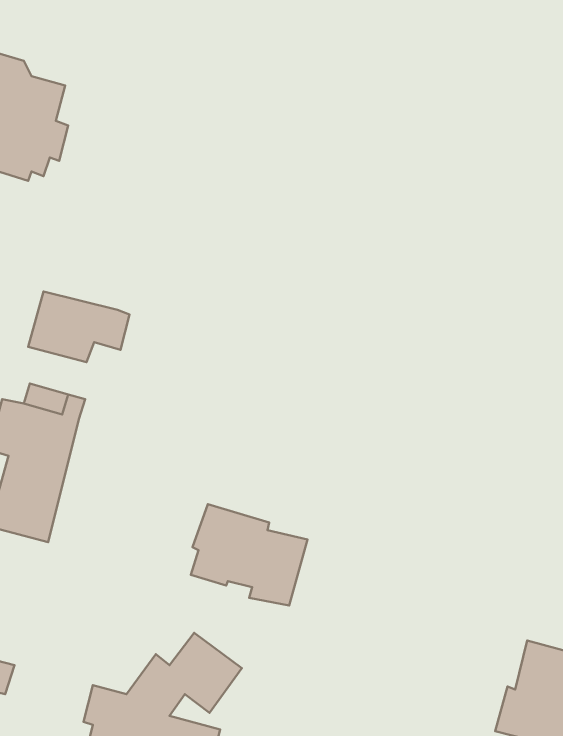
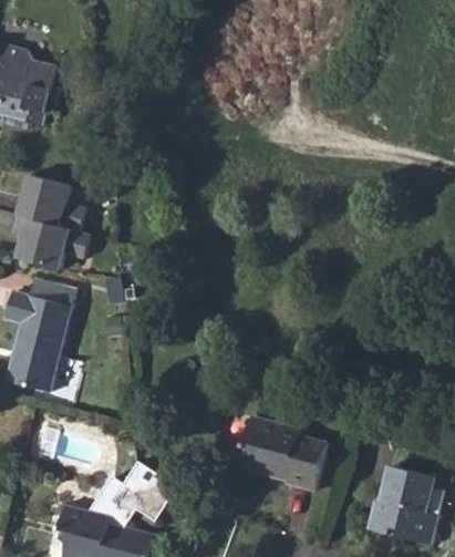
building: none -> [27,175,95,228]
building: [191,504,308,606] -> [238,419,322,492]

